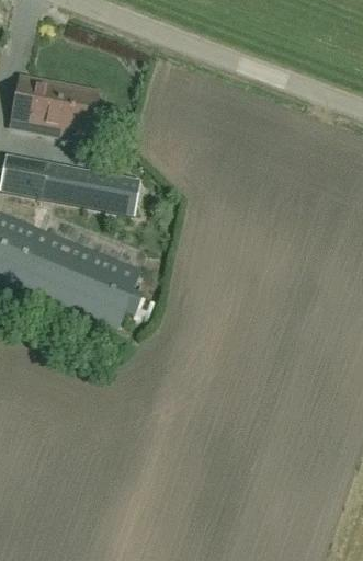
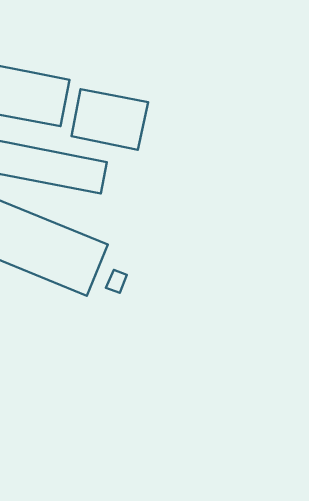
building: none -> [71,89,148,150]

